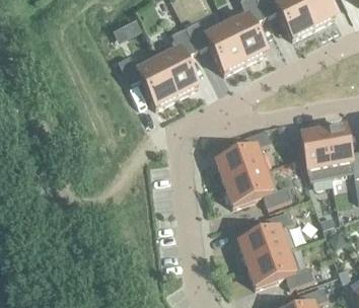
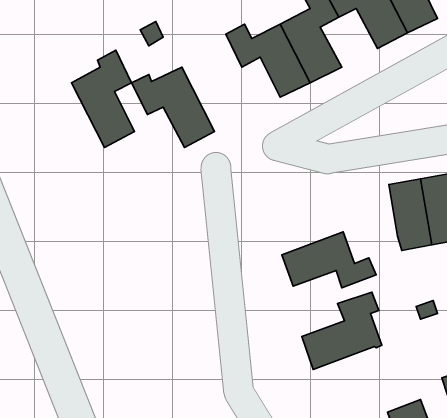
building: [154,28,199,97] -> [72,50,135,147]
building: [217,130,272,184] -> none
building: [247,249,314,287] -> none

